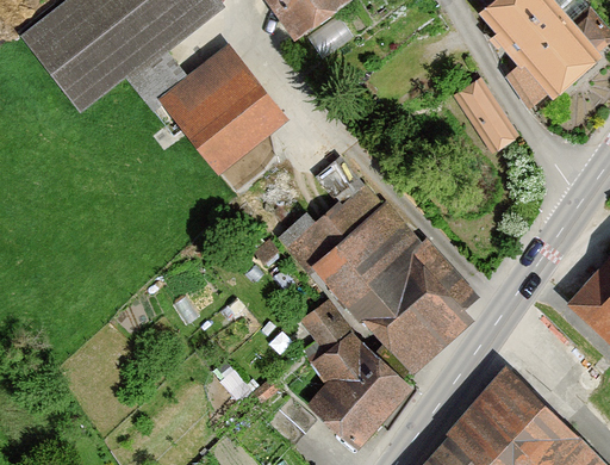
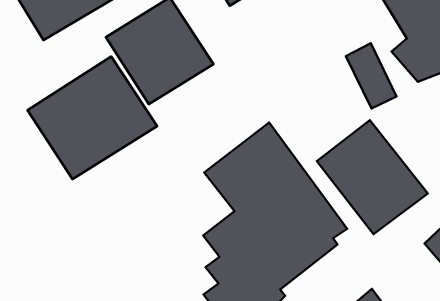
building: none -> [28,57,157,179]
building: none -> [317,120,428,234]

